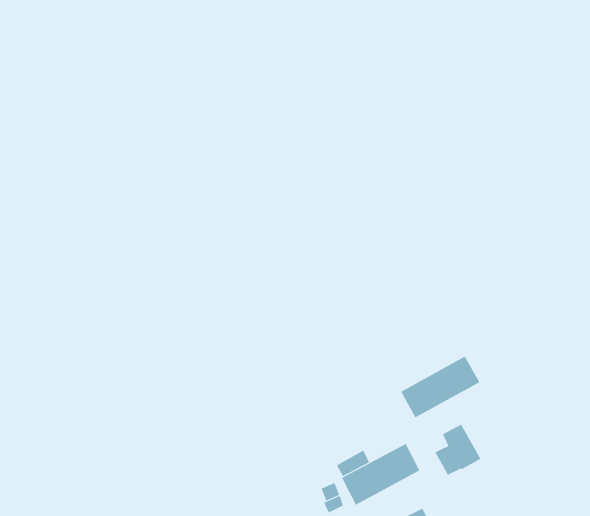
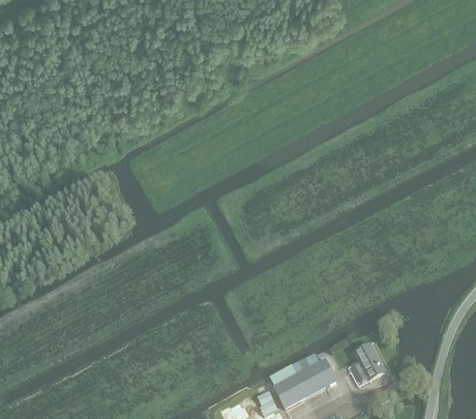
building: [400,356,480,418] -> none

